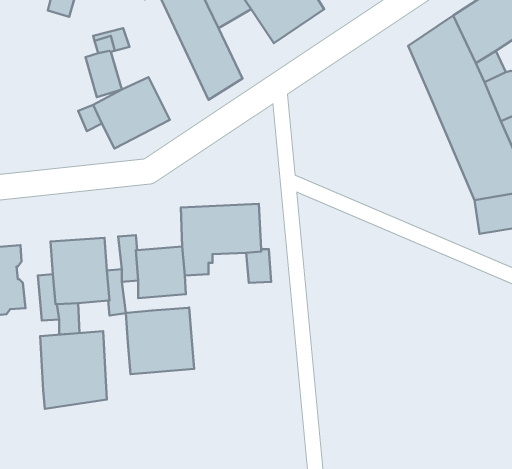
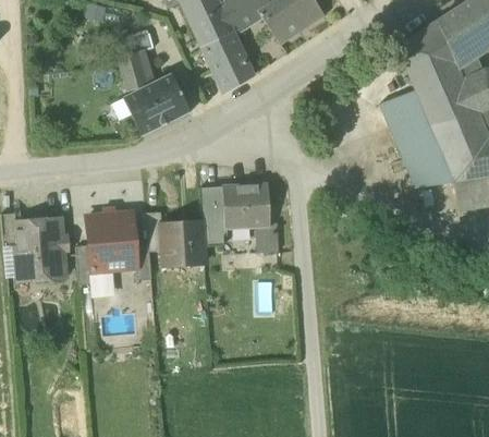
building: none -> [381,88,455,186]
building: [126,308,194,374] -> none
building: [40,331,107,409] -> none

